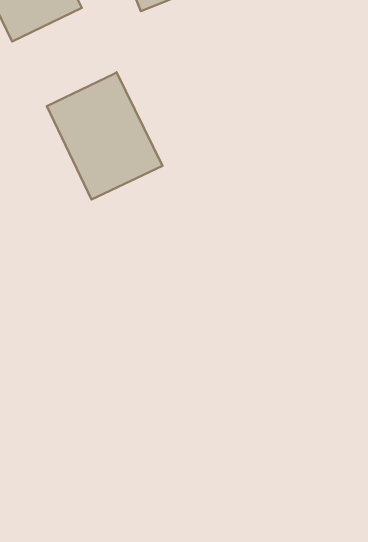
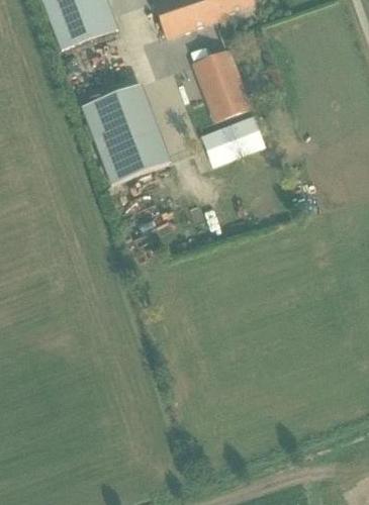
building: none -> [191,47,252,122]
building: none -> [200,115,264,166]

